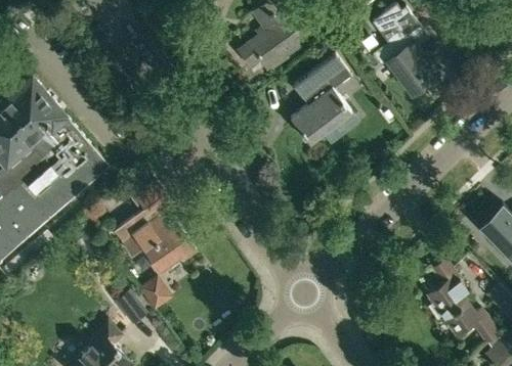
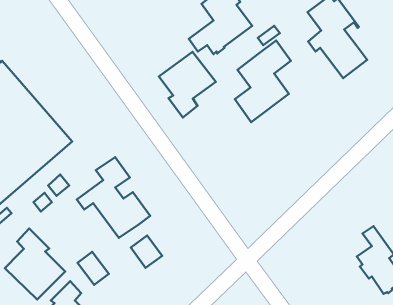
building: none -> [159,52,216,117]
building: none -> [5,228,65,299]
building: [139,275,174,311] -> [131,236,162,268]

